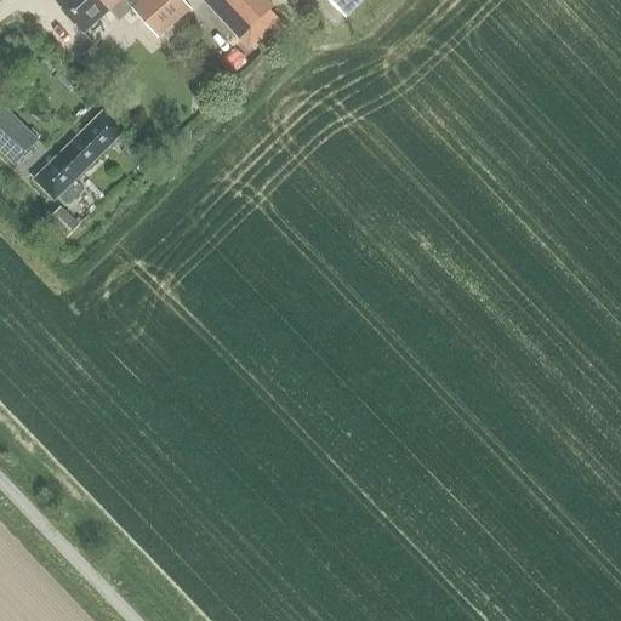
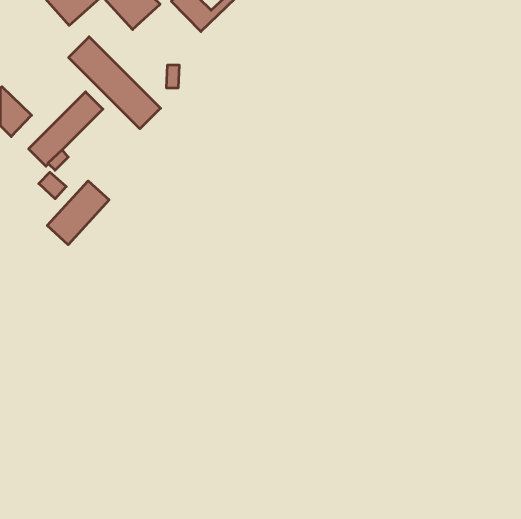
building: none -> [69,37,161,129]
building: none -> [47,181,109,245]

